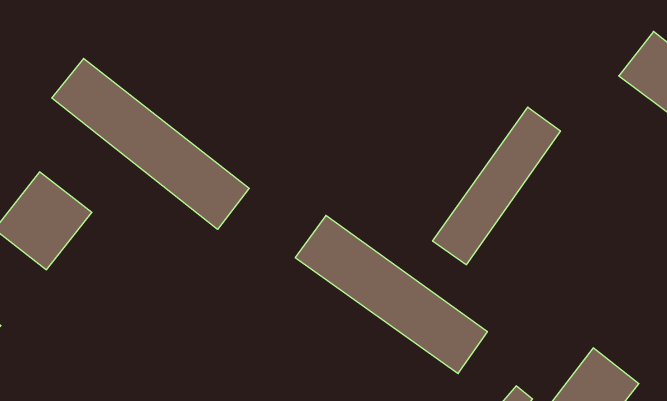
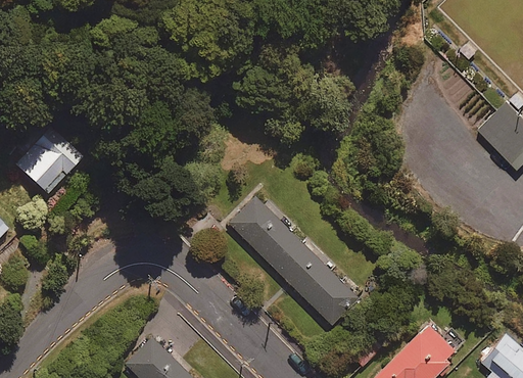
building: [52,58,249,229] -> none
building: [433,107,560,265] -> none

